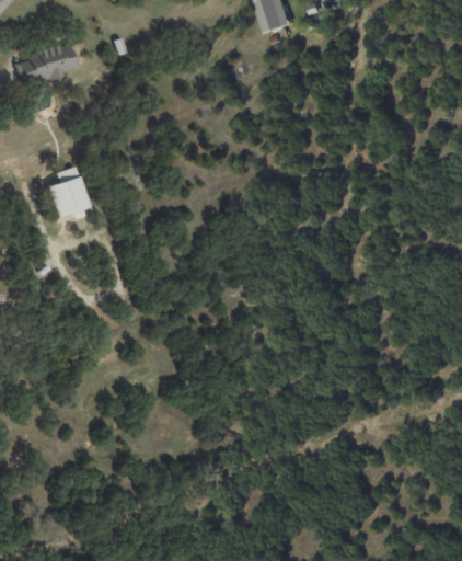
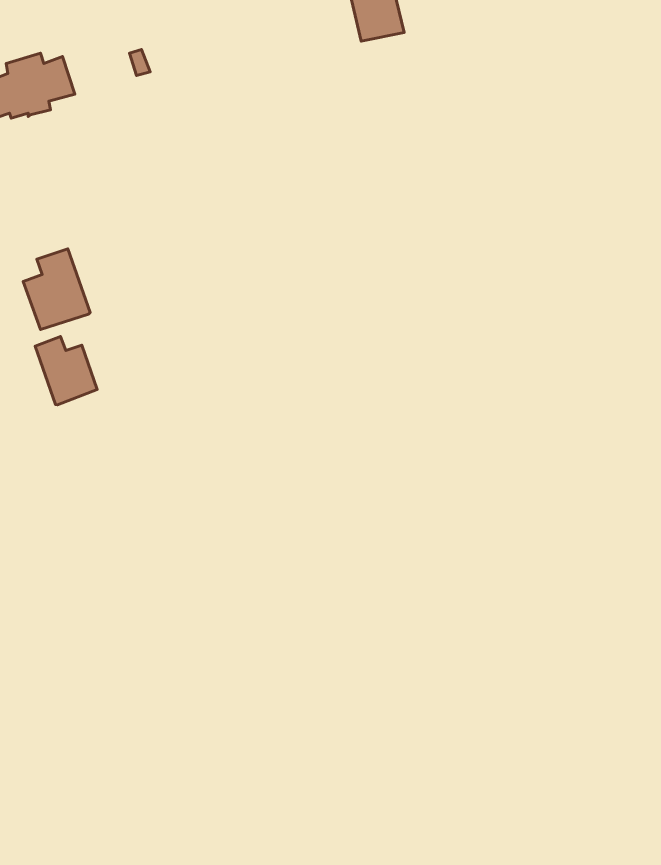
building: none -> [35,337,97,405]

